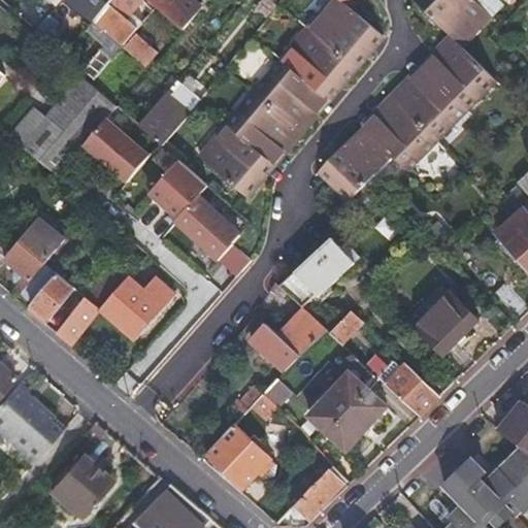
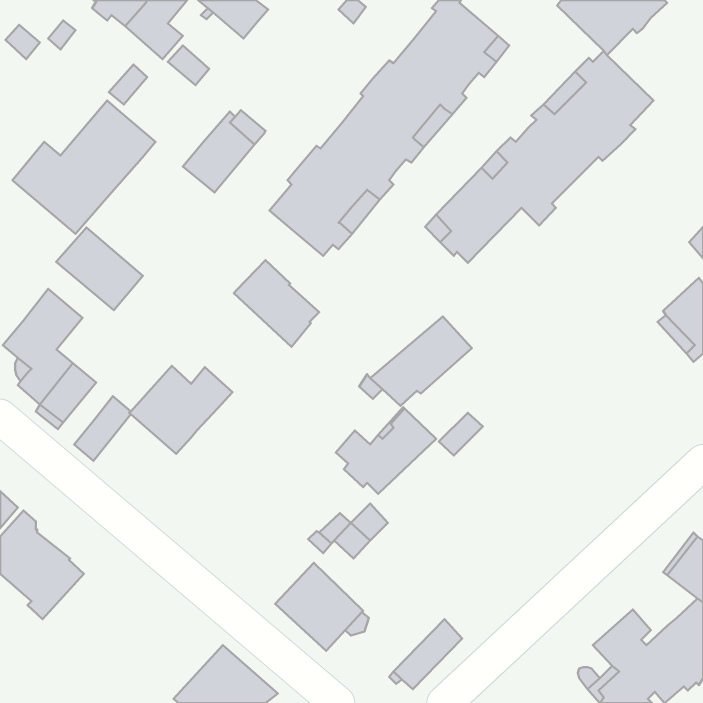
building: [84,119,148,180] -> [56,228,143,310]
building: [150,160,206,218] -> none
building: [415,292,477,355] -> none
building: [310,352,386,448] -> none
building: [385,361,440,416] -> none
building: [46,457,109,520] -> none

